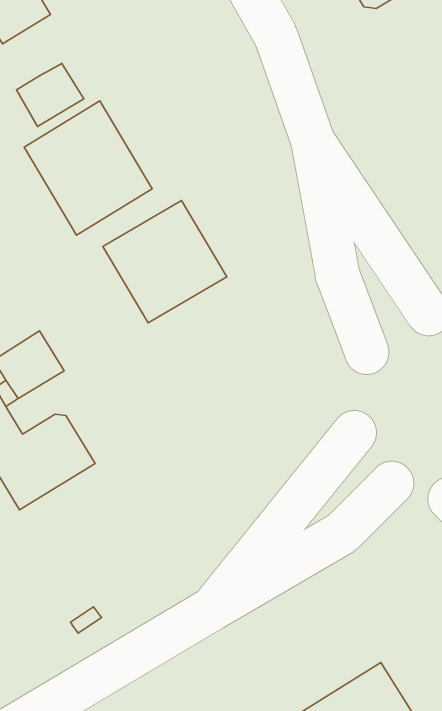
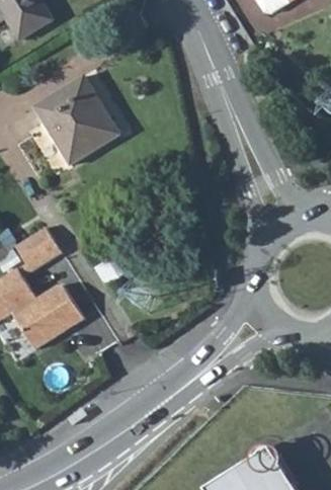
building: [16,63,84,127] -> none
building: [103,201,227,323] -> none

